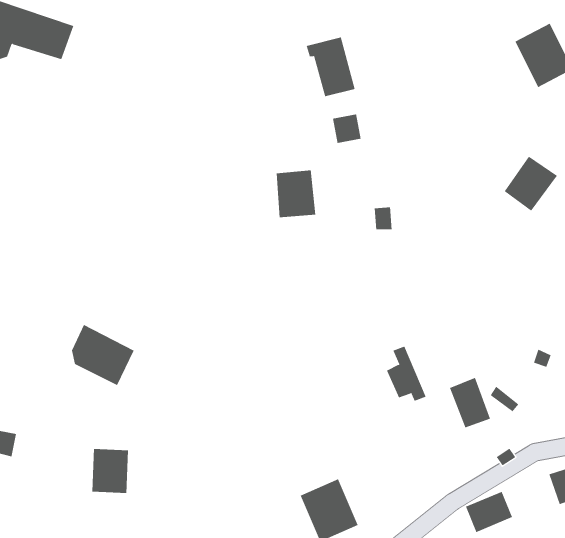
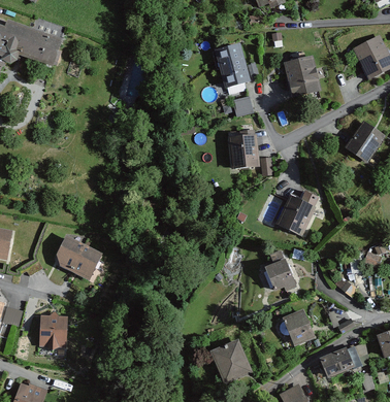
building: none -> [286,57,318,94]
building: [276,170,316,218] -> [231,134,258,166]
building: none -> [279,192,317,234]
building: [449,377,491,428] -> [283,309,311,343]
building: [92,449,129,493] -> [40,316,65,346]

